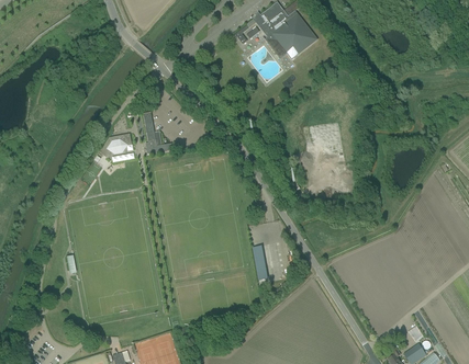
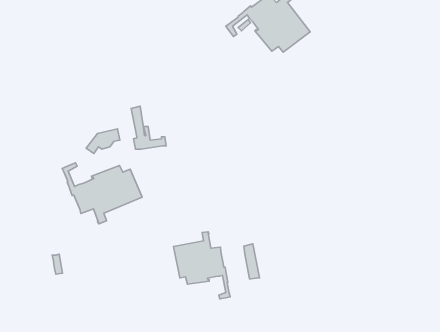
building: none -> [62,163,142,224]
building: none -> [173,232,230,299]

